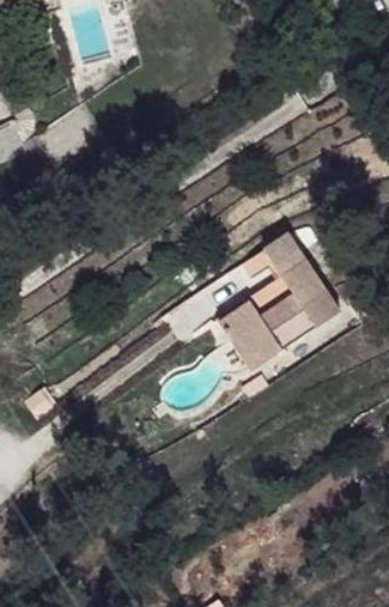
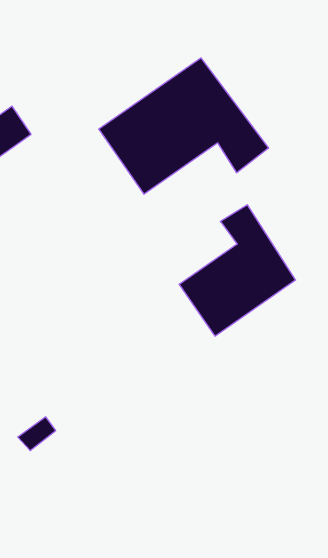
building: none -> [99,58,269,194]

